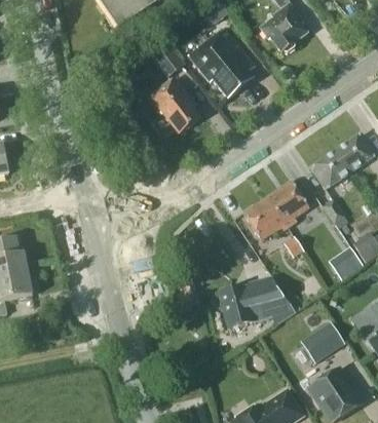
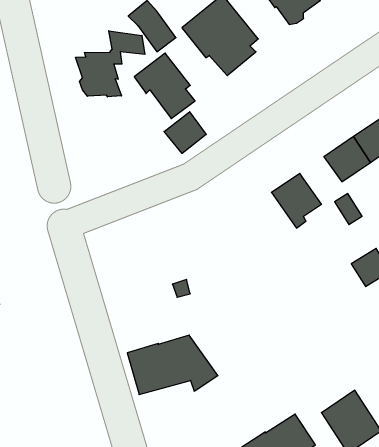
building: none -> [76,31,145,97]
building: none -> [164,112,206,153]
building: [242,197,288,240] -> none
building: [218,275,296,326] -> [127,335,218,395]
building: [300,320,344,363] -> none

